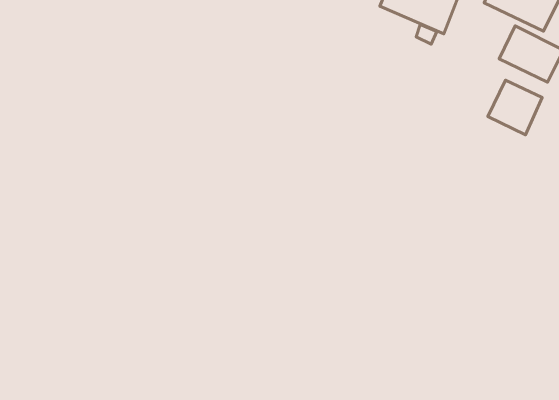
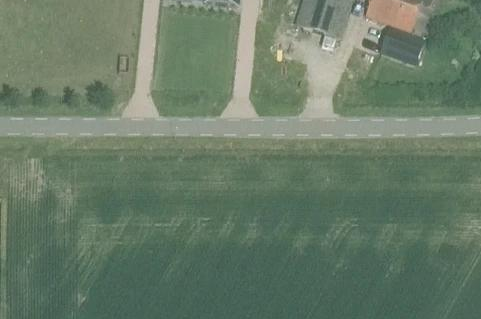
building: [488,80,542,135] -> none

